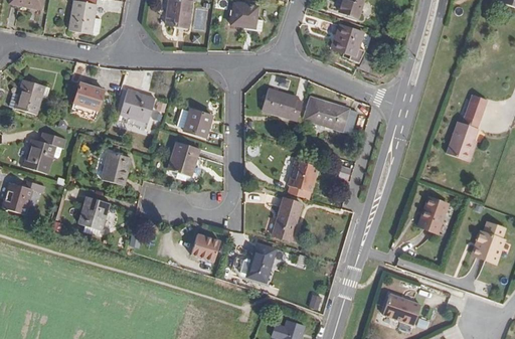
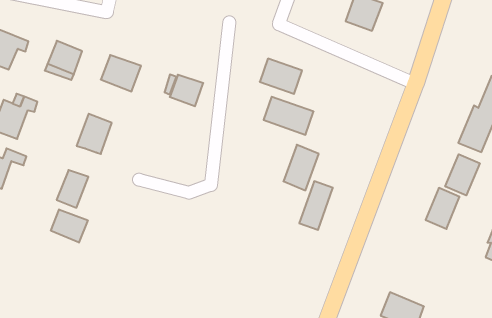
building: [308,99,352,131] -> [264,97,314,135]
building: [166,140,196,174] -> none
building: none -> [445,154,480,195]
building: [274,204,302,247] -> [299,181,333,230]
building: none -> [51,209,88,243]
building: [187,237,216,266] -> none
building: [248,248,275,289] -> none

